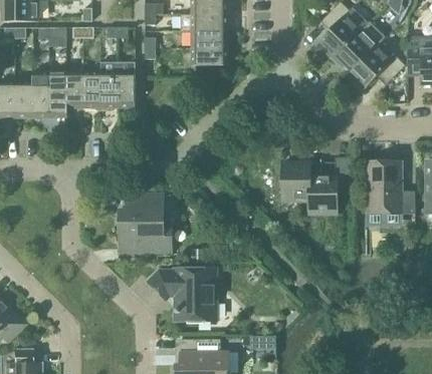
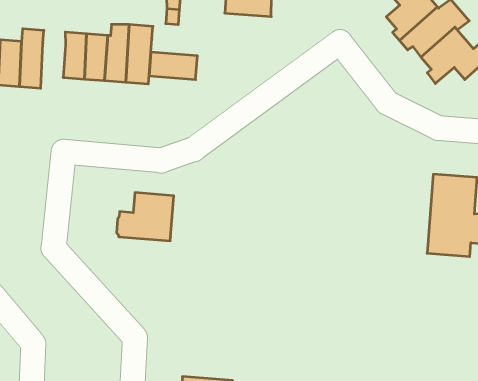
building: [192,47,229,66] -> [149,52,197,80]
building: [49,72,68,118] -> none
building: [282,157,352,214] -> none
building: [122,229,171,252] -> none
building: [150,269,215,320] -> none

